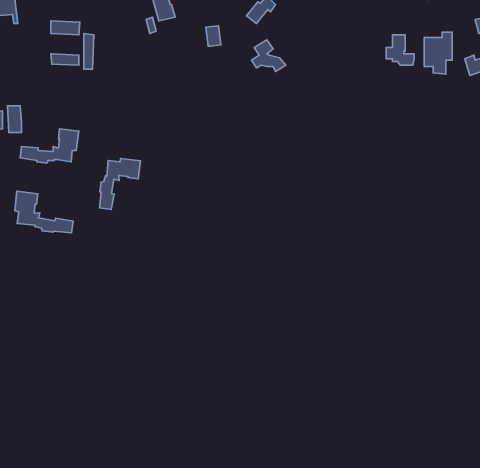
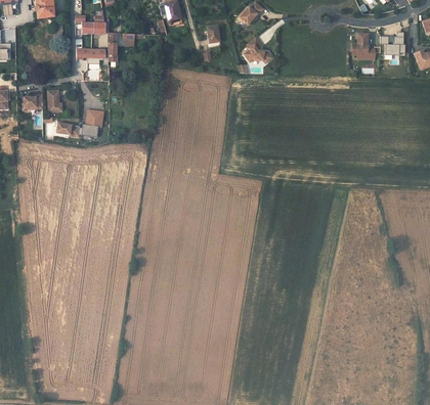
building: [100,158,140,210] -> none
building: [15,191,73,233] -> none

